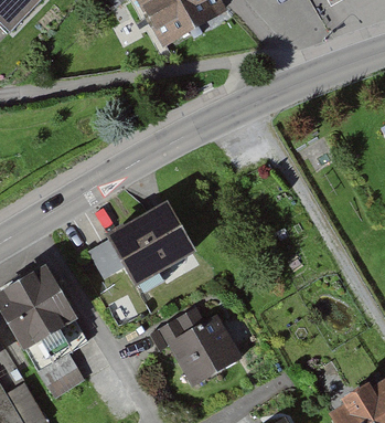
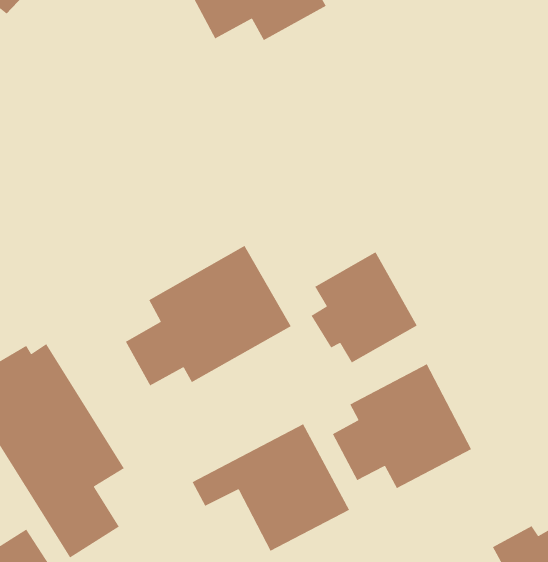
building: none -> [310,251,418,364]
building: none -> [332,363,472,489]

